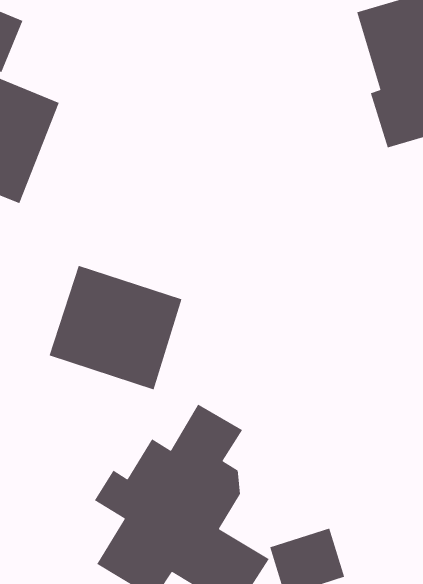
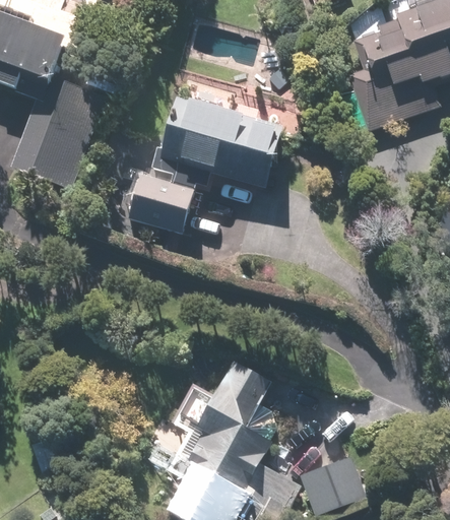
building: none -> [107,96,281,233]
building: [48,265,183,391] -> none

